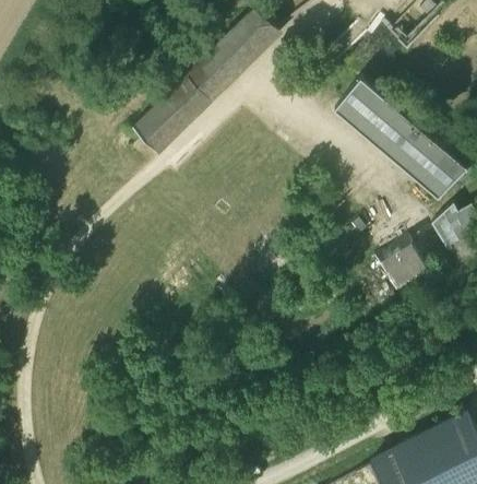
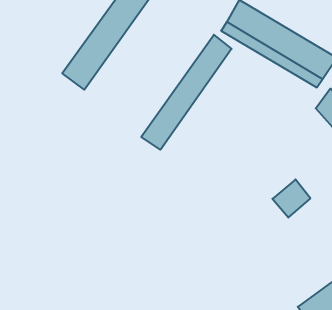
building: none -> [141,35,232,150]
building: [382,241,428,286] -> [272,179,310,218]

